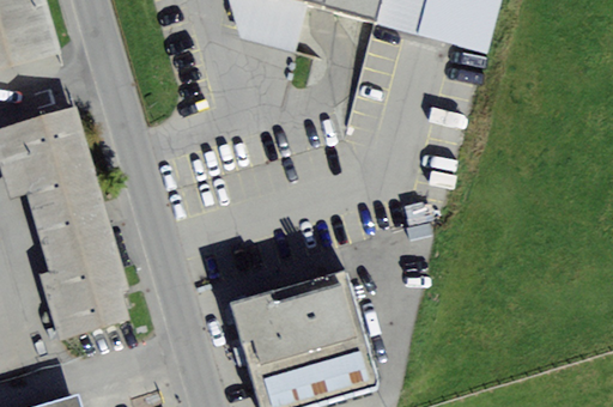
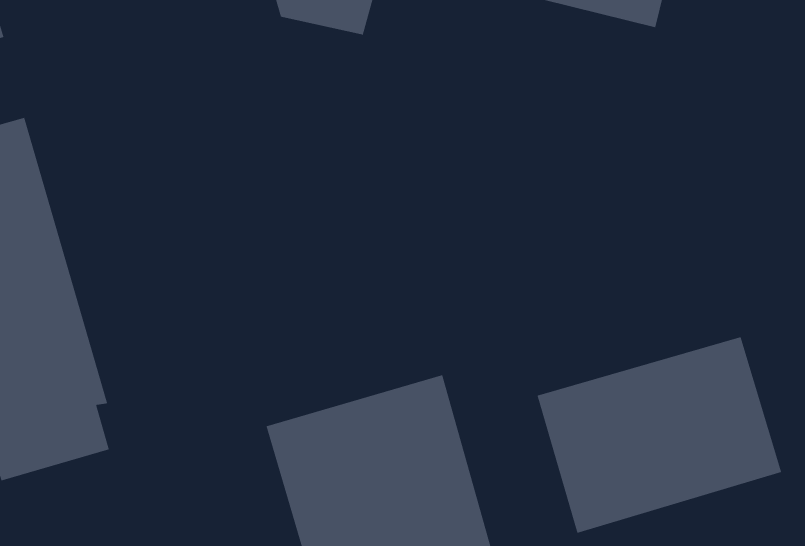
building: none -> [537,336,782,534]

